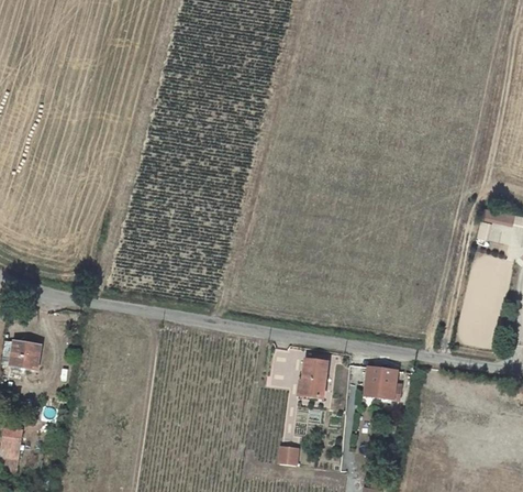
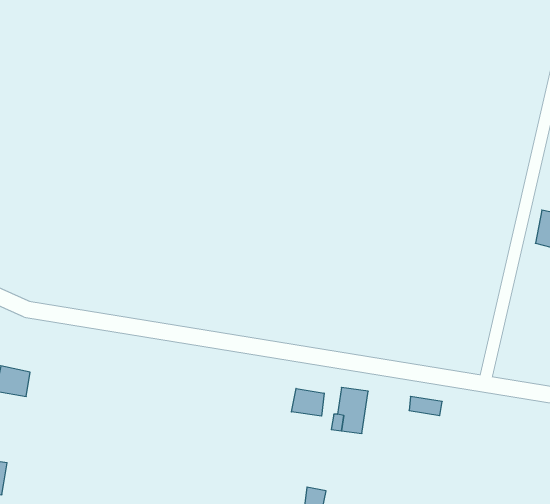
building: none -> [291,388,324,416]
building: [367,380,398,400] -> none

